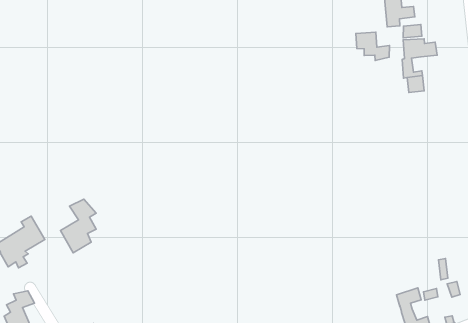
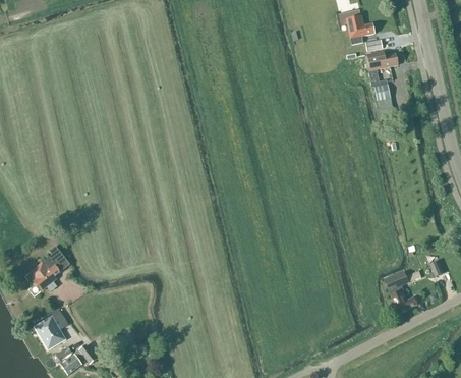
building: [356,32,390,61] -> none
building: [60,199,96,253] -> none

